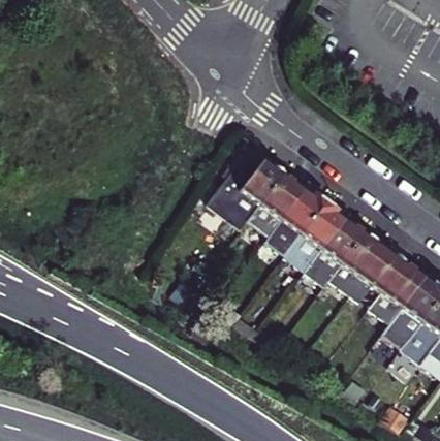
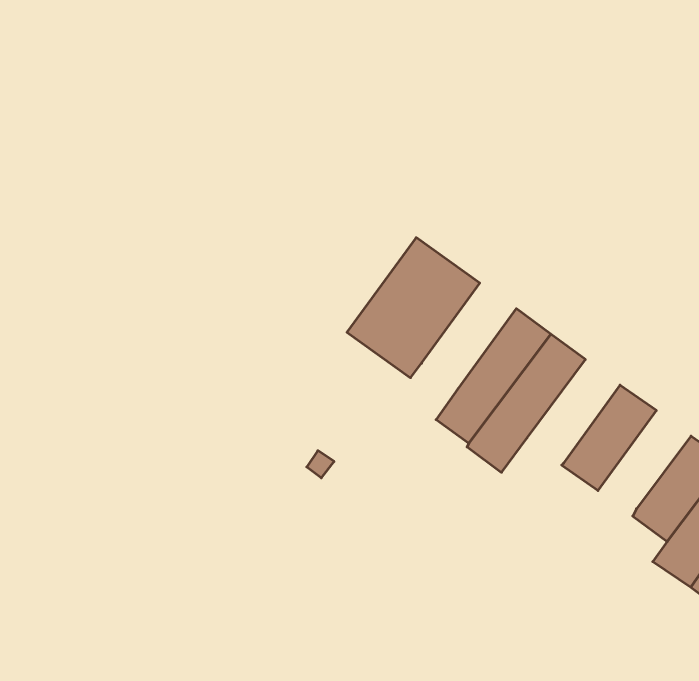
building: [255,177,309,237] -> none
building: [315,220,368,279] -> none
building: [355,249,408,305] -> none

